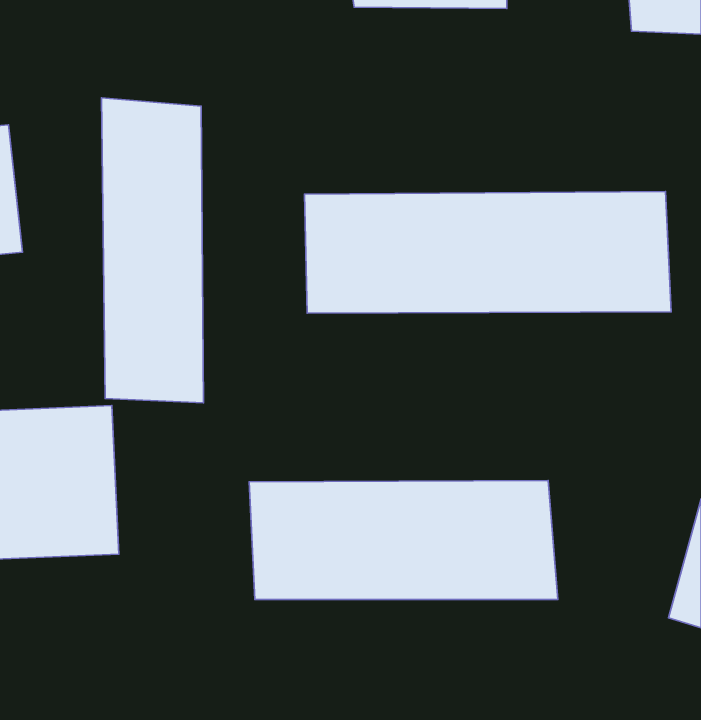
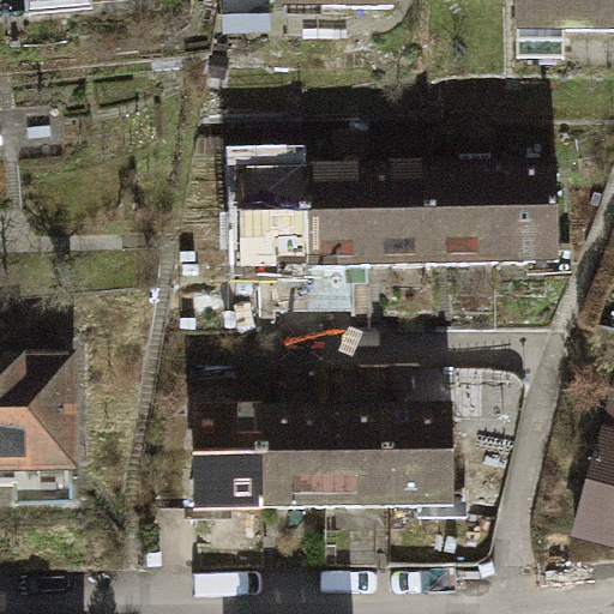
building: [101,98,203,403] -> none

